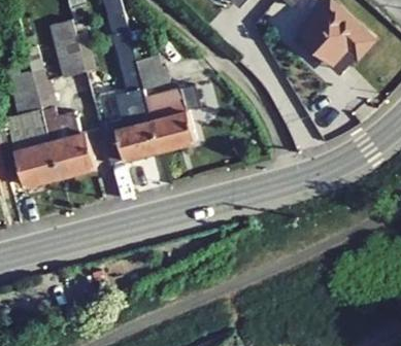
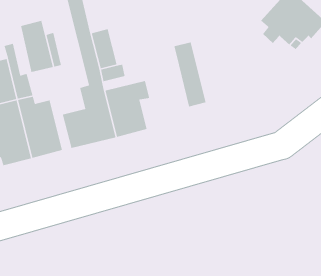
building: none -> [174,42,207,107]

